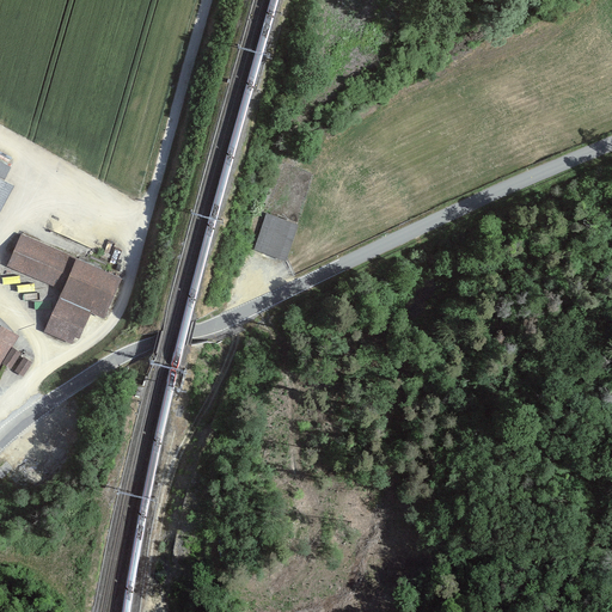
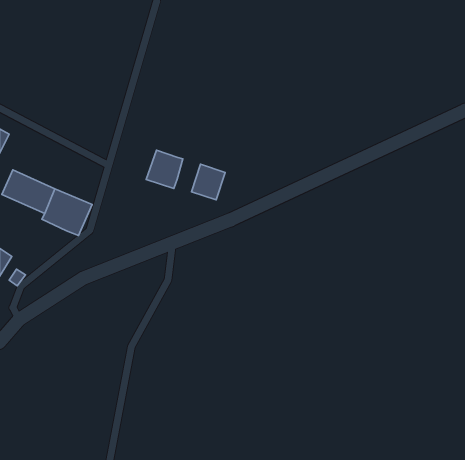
building: none -> [146,150,183,188]
building: [39,295,87,344] -> none

